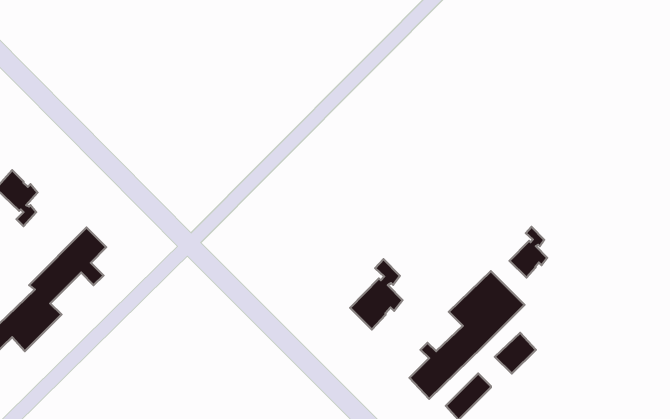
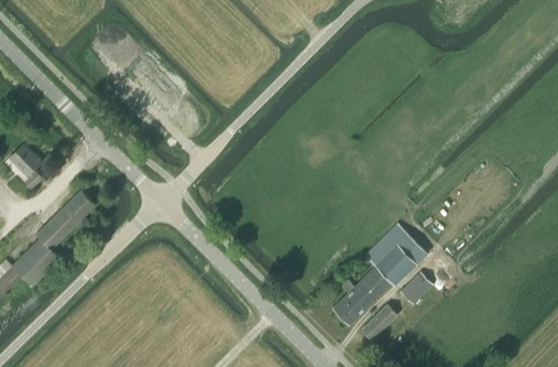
building: [510,227,547,278] -> none
building: [350,259,402,329] -> none

